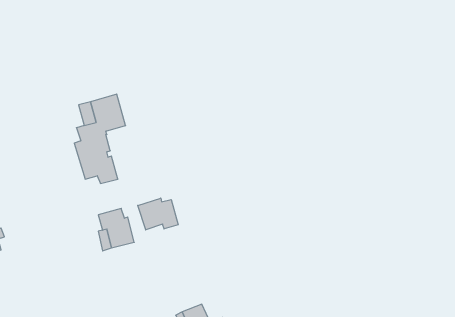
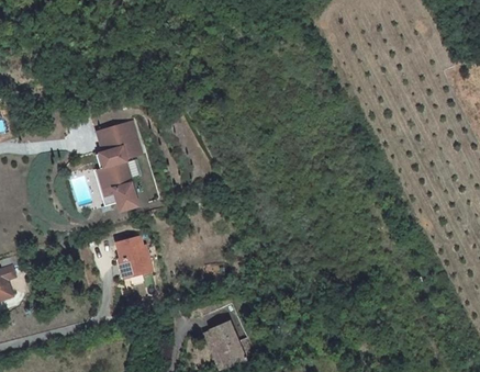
building: [138,198,178,230] -> none

